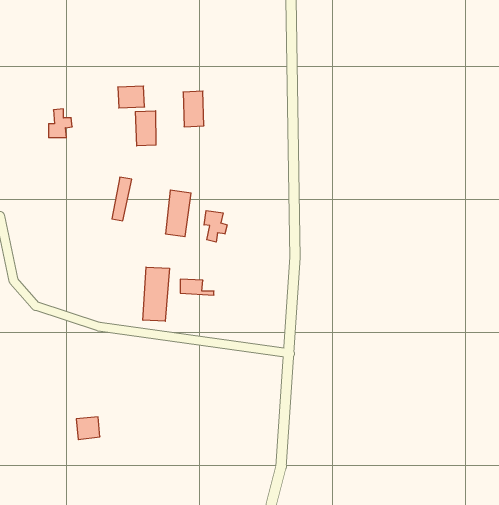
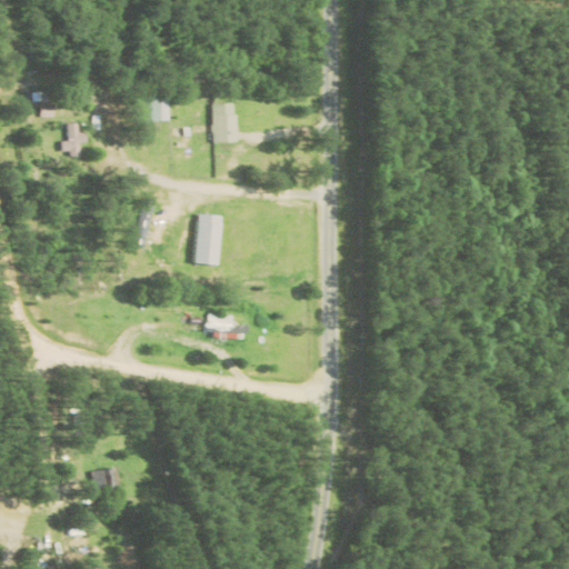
building: [135,111,156,146] -> none
building: [204,211,227,242] -> none
building: [143,267,169,321] -> none

